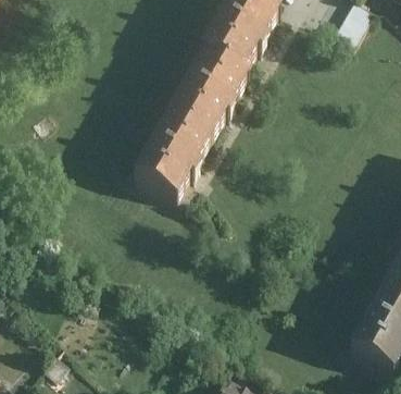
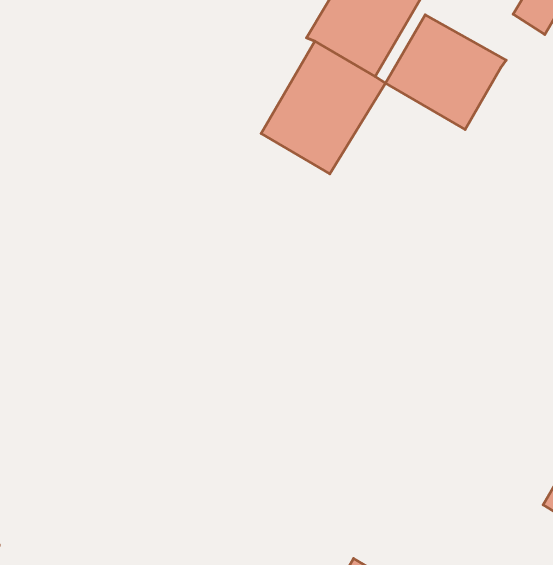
building: none -> [385,15,506,129]
building: [133,109,217,201] -> none

